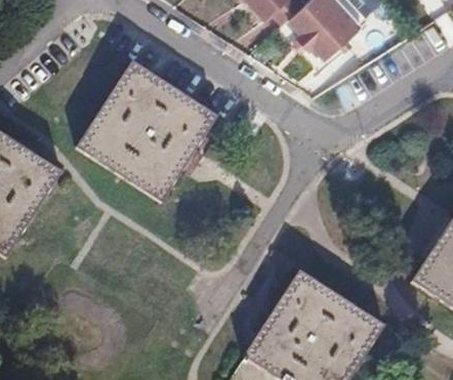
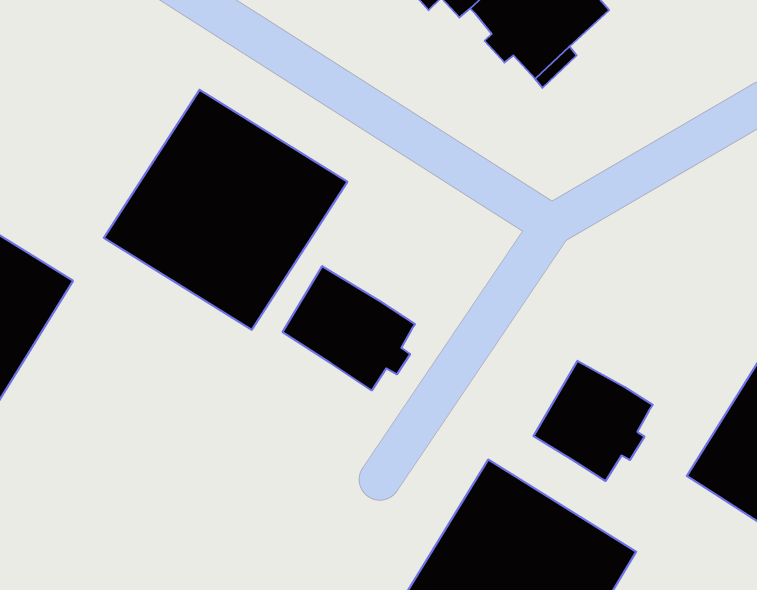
building: none -> [283,266,415,390]
building: none -> [534,361,653,481]

